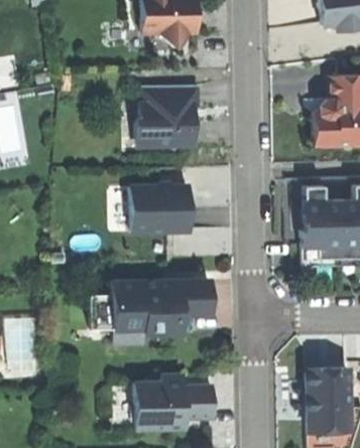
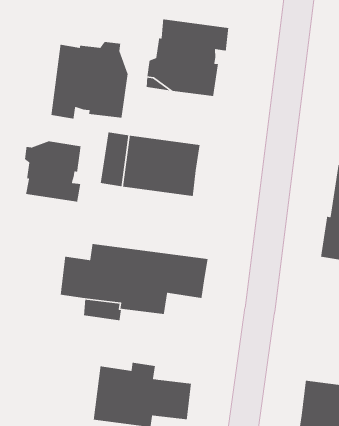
building: none -> [50,41,129,119]
building: none -> [24,140,82,202]

